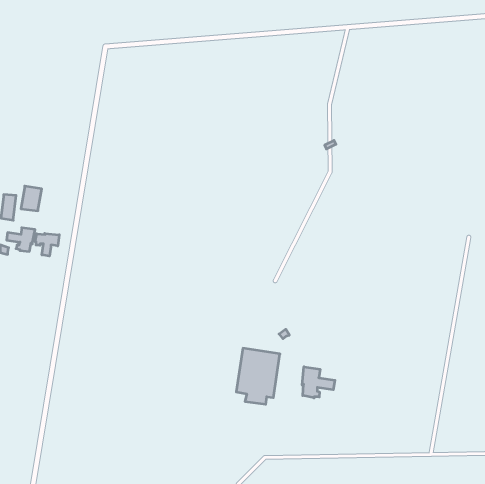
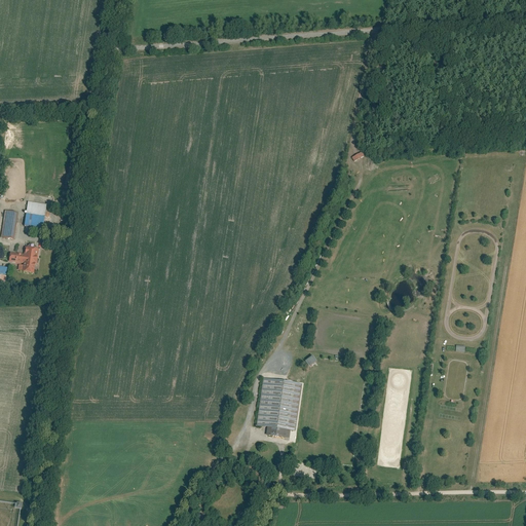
building: [35,233,59,256] -> none
building: [302,367,335,398] -> none

